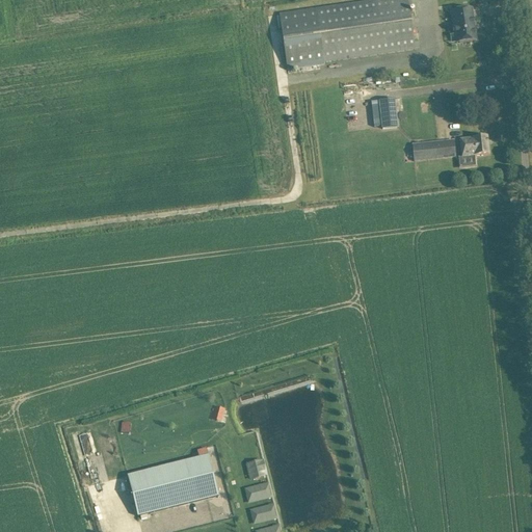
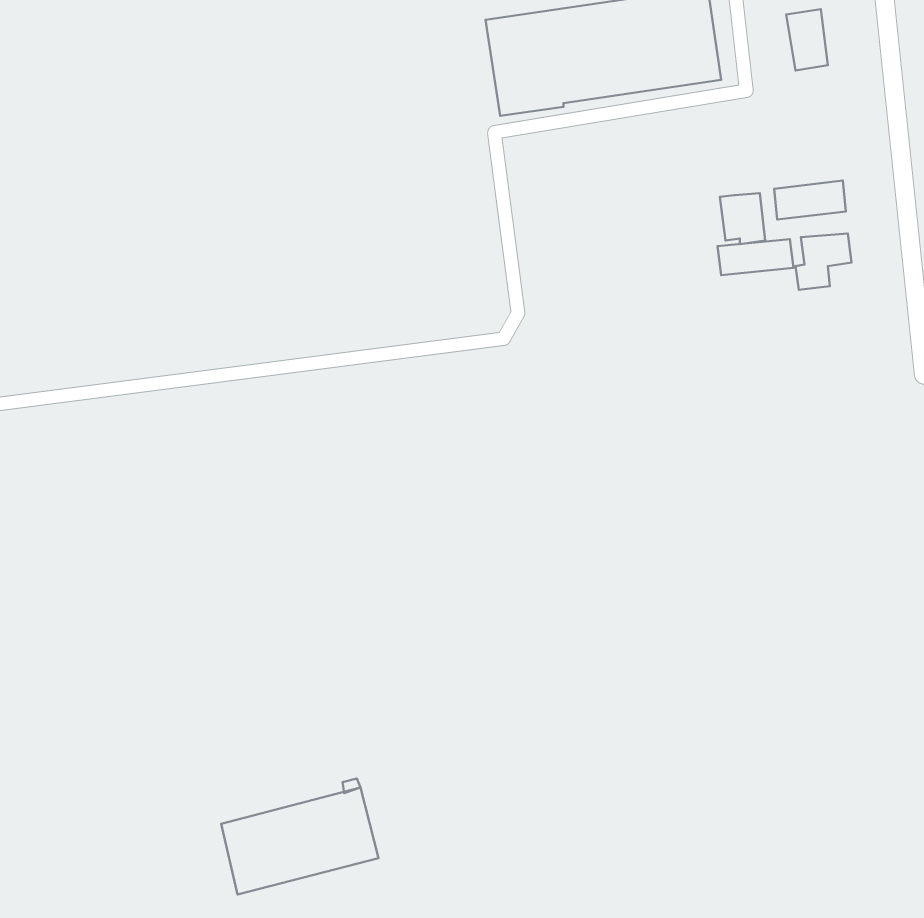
building: [370,97,396,126] -> [720,193,765,244]
building: none -> [774,181,846,220]

